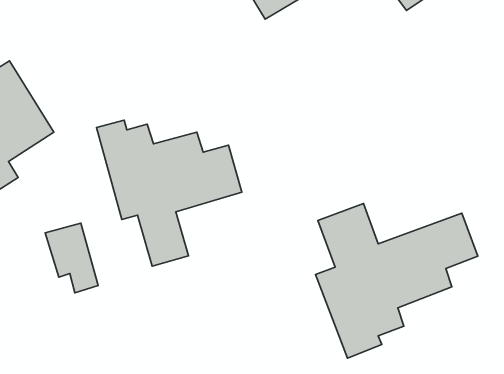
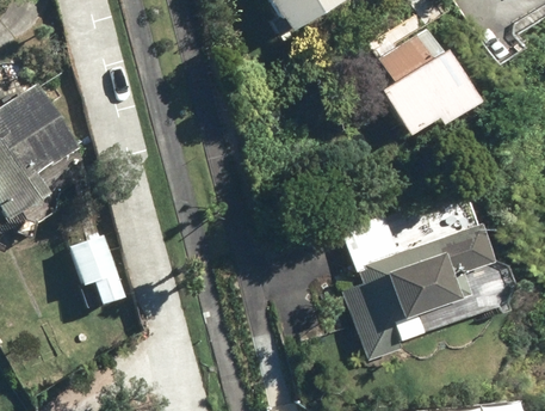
building: none -> [377,26,475,139]
building: [97,120,242,266] -> none

